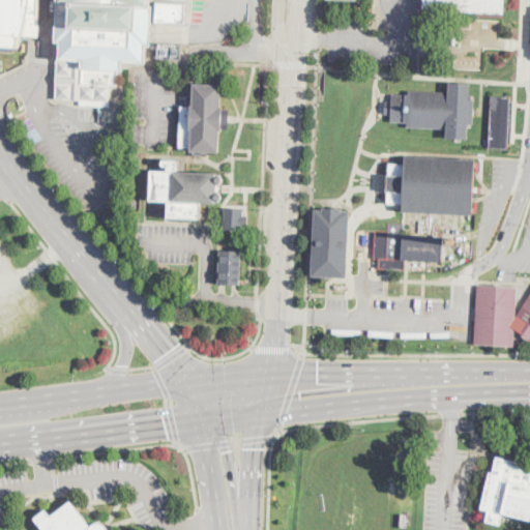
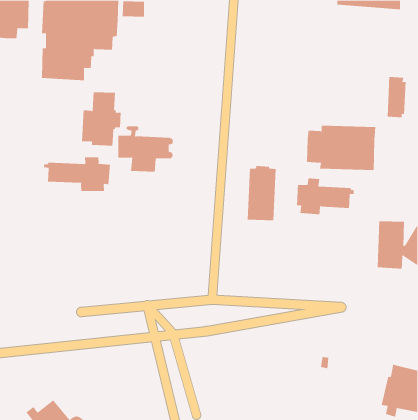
building: [175,83,226,151] -> [81,92,122,146]
building: [381,83,473,142] -> none
building: none -> [43,156,110,192]
building: [222,209,246,233] -> none
building: [216,252,239,287] -> none

